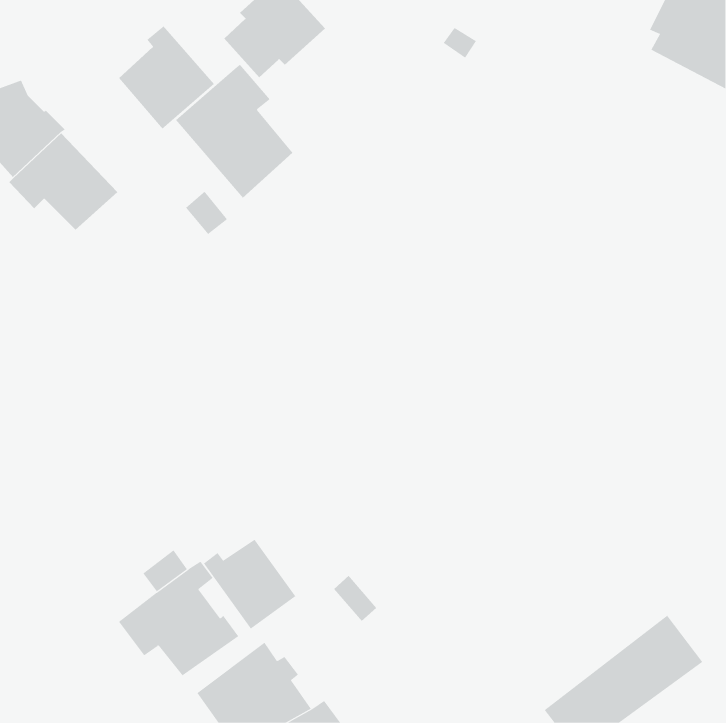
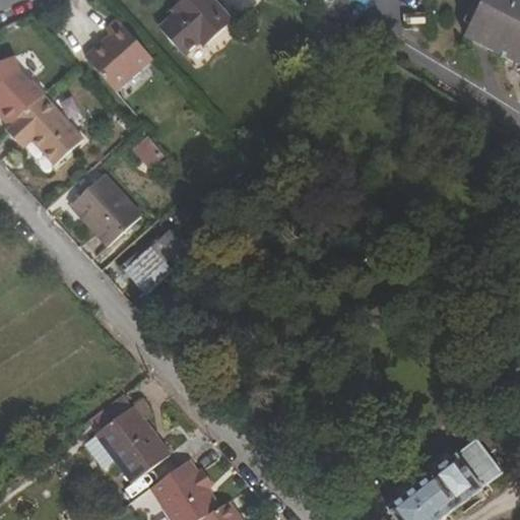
building: [175,64,293,199] -> none
building: none -> [71,175,143,247]
building: none -> [126,231,184,295]
building: [203,539,296,630] -> none

